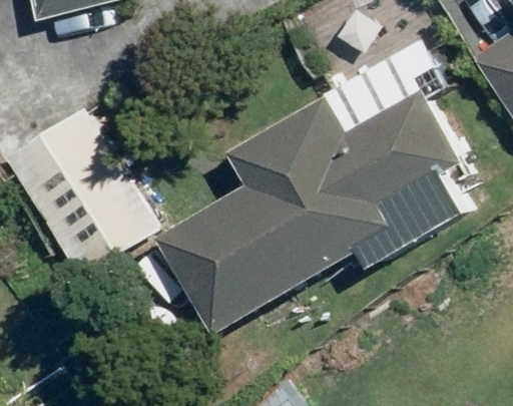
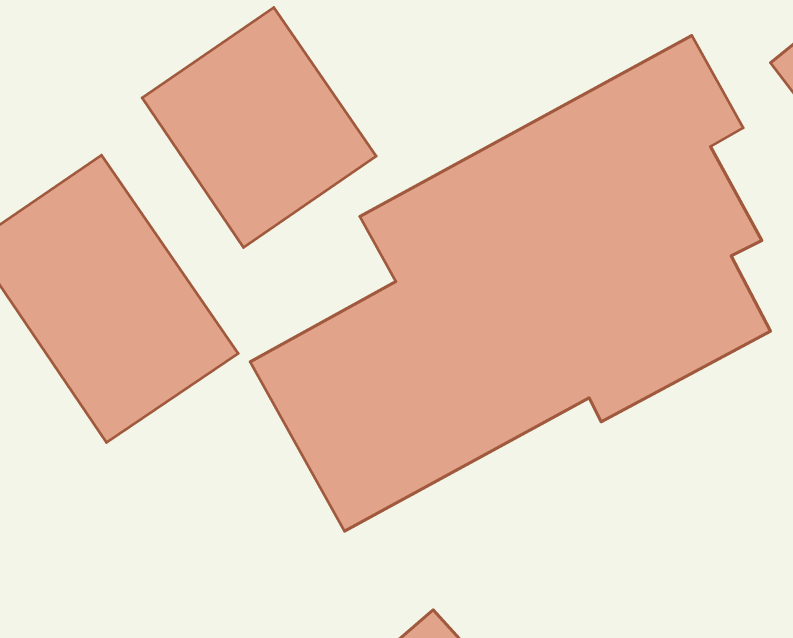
building: none -> [142,8,376,248]

